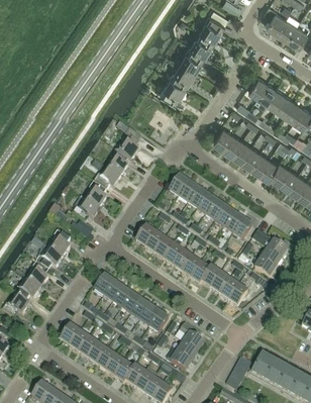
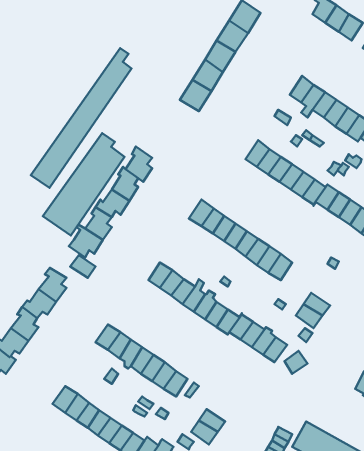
building: none -> [31,48,131,188]
building: none -> [43,133,124,236]
building: [251,229,291,259] -> none
building: [180,321,204,351] -> none

